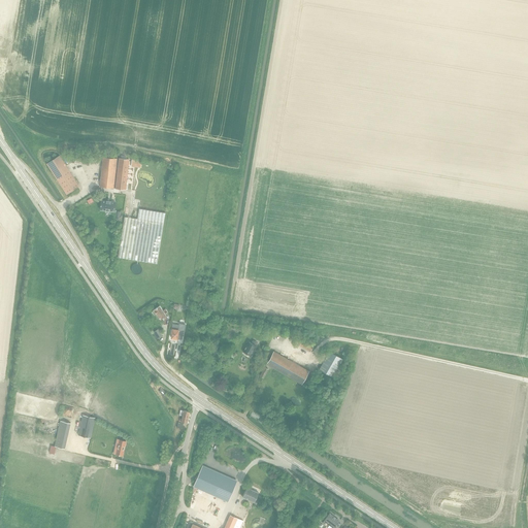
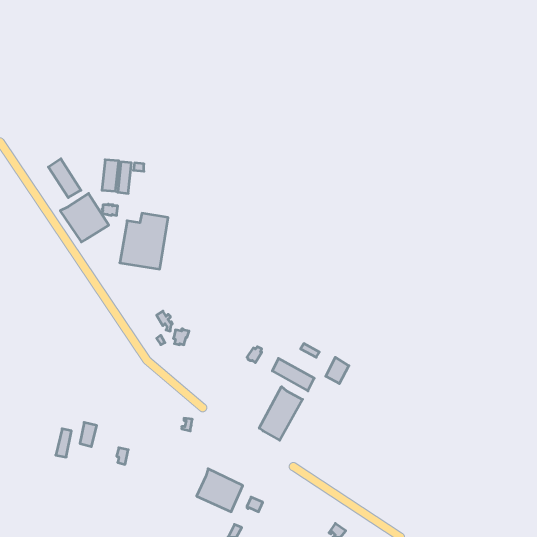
building: none -> [60,193,109,242]
building: none -> [259,387,303,440]

